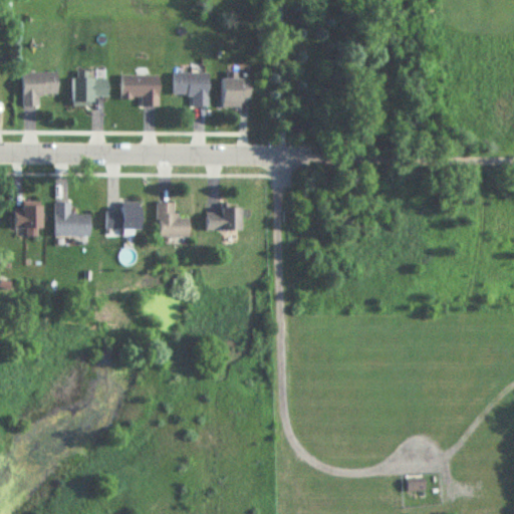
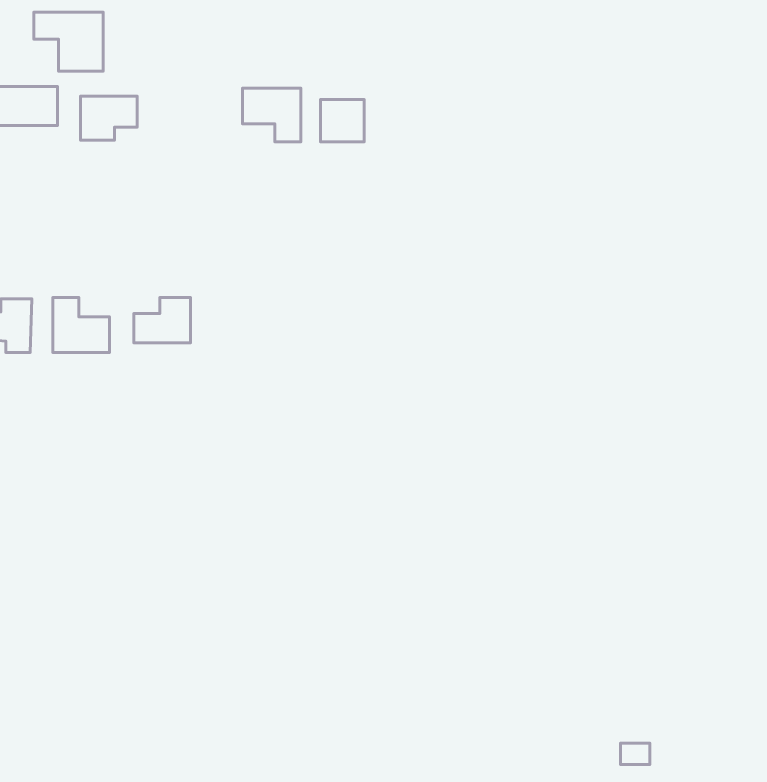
building: none -> [34,12,103,71]
building: [121,74,160,105] -> none
building: [157,202,190,236] -> none
building: [206,208,242,230] -> none

